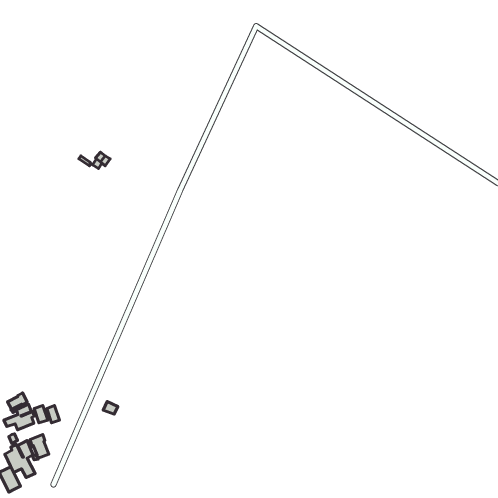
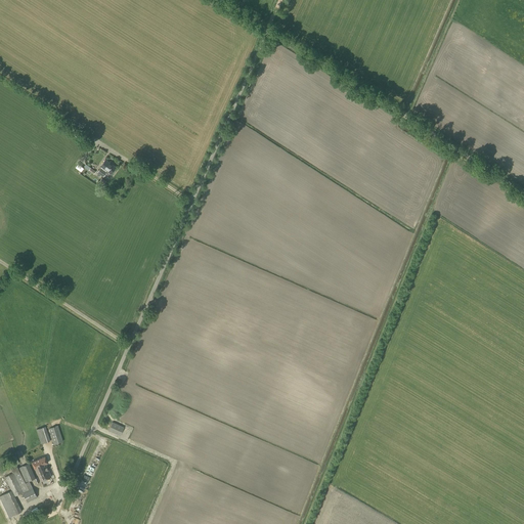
building: [4,393,34,430] -> none

